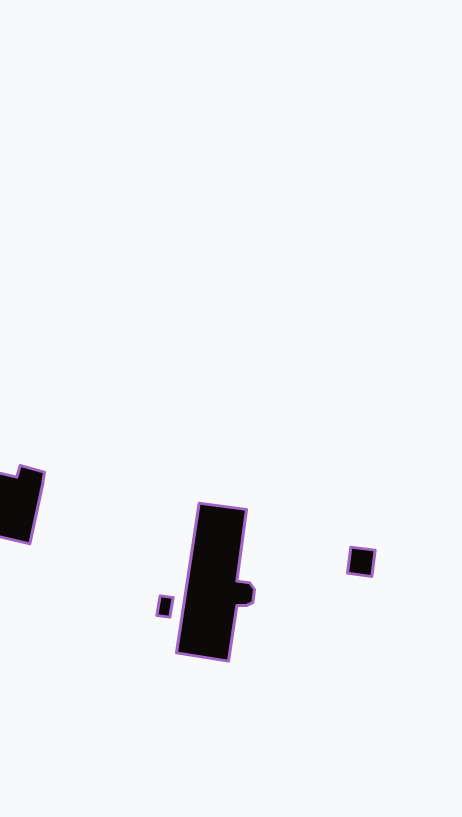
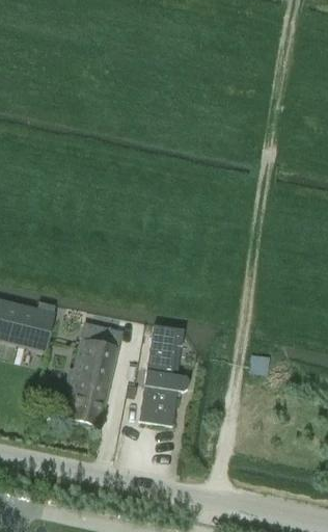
building: none -> [64,337,115,424]

